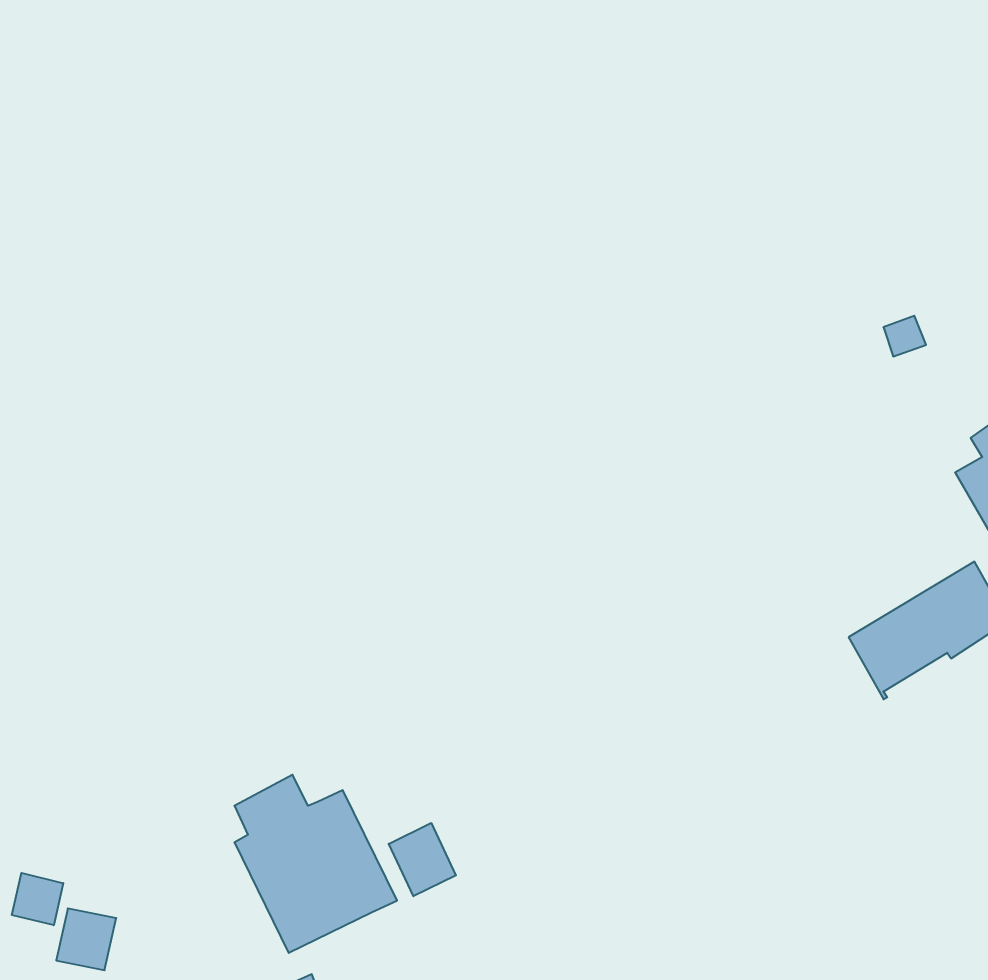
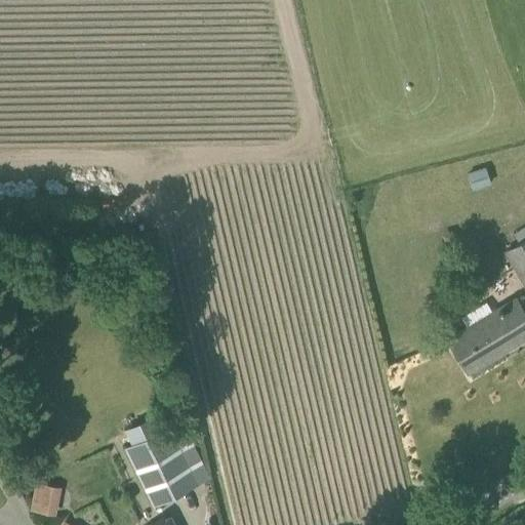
building: [389,823,456,896] -> none
building: [12,873,63,925] -> none

